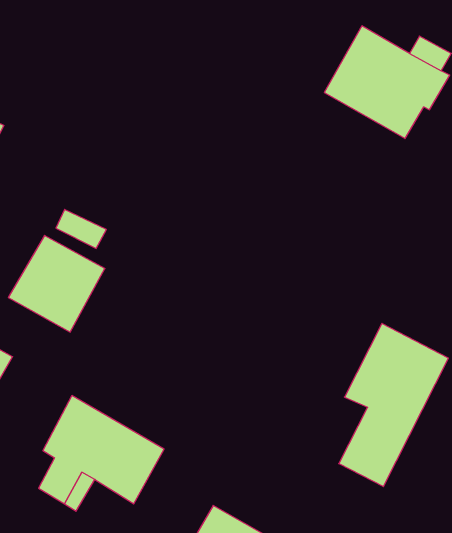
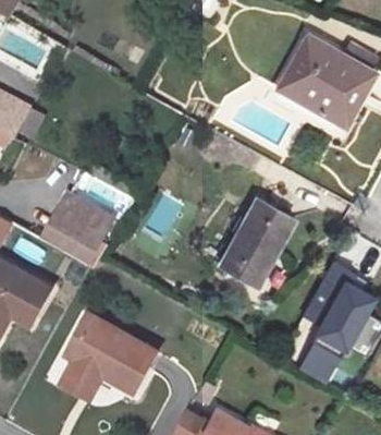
building: none -> [221,205,297,293]

